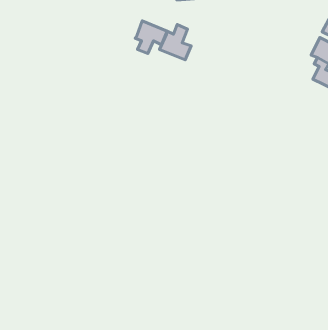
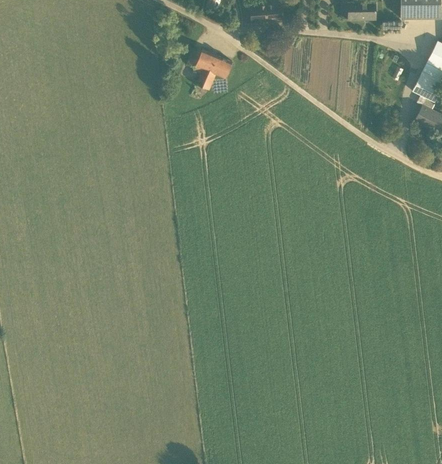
building: [160,25,191,60] -> none

